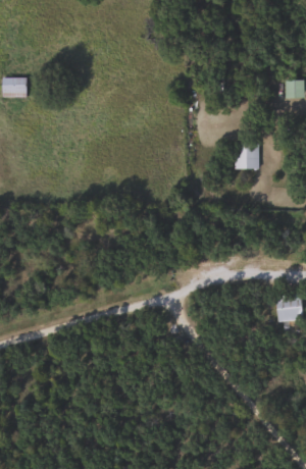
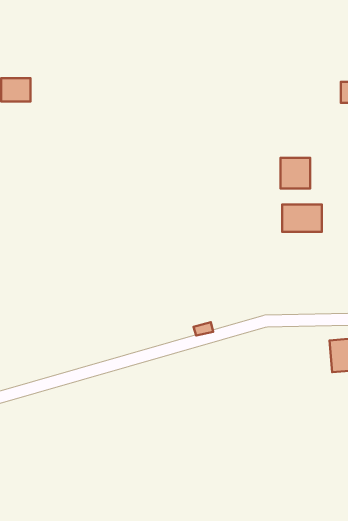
building: none -> [282,205,322,232]

